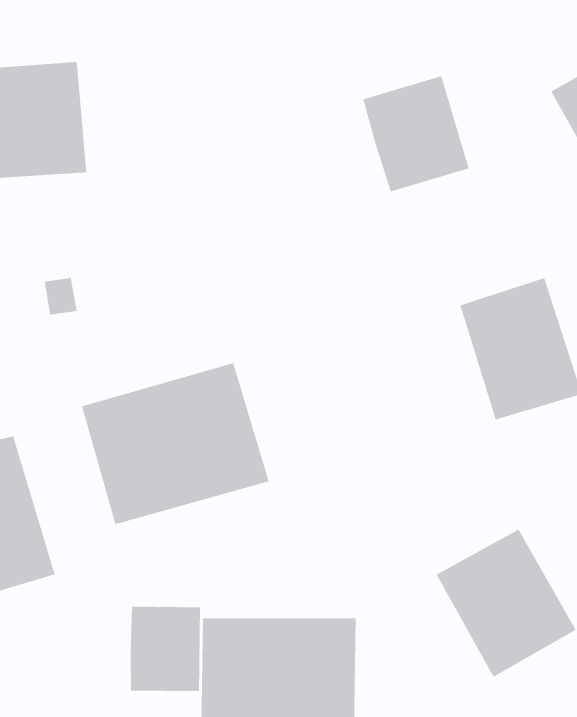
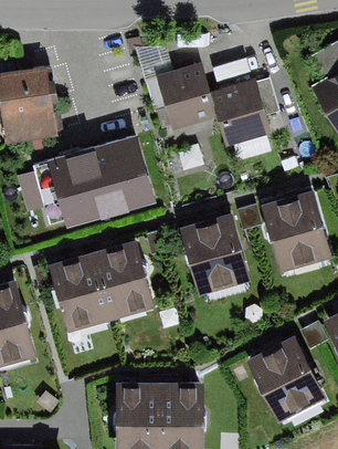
building: none -> [157,66,212,128]
building: none -> [49,144,151,229]
building: none -> [179,211,249,295]
building: [130,606,200,692] -> none

